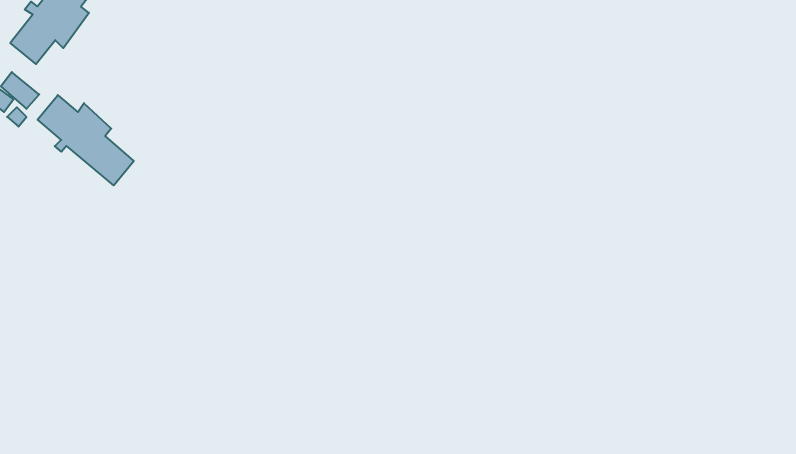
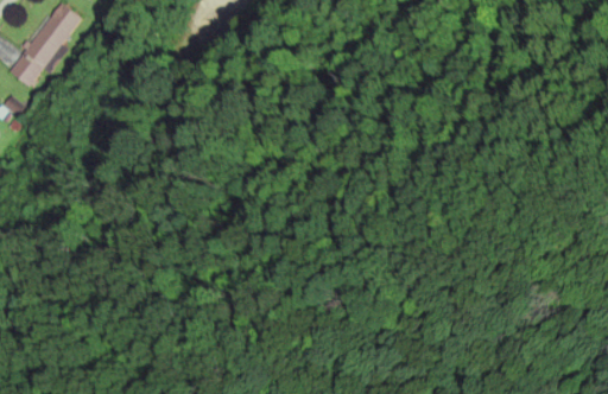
building: [38,95,134,185] -> none

